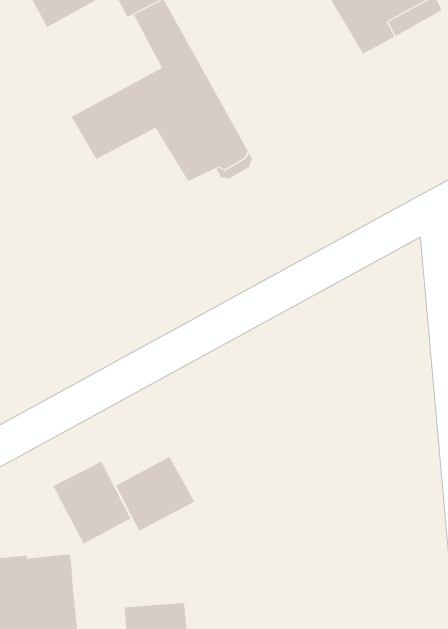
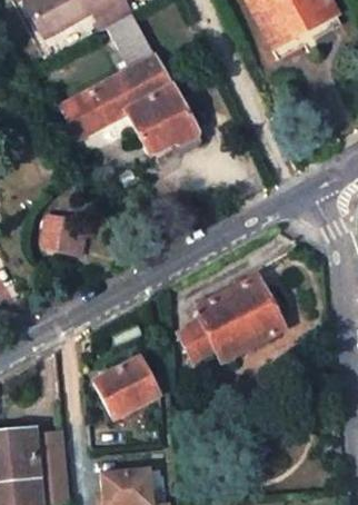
building: none -> [56,215,93,253]
building: none -> [179,275,284,360]
building: [52,461,131,545] -> none

